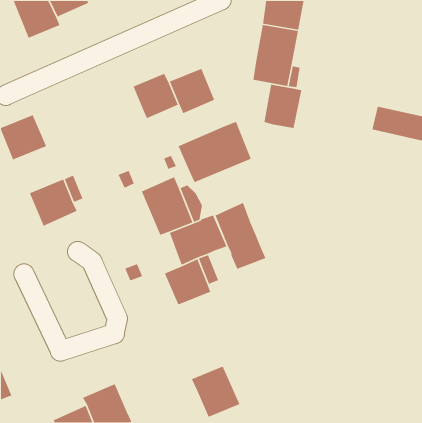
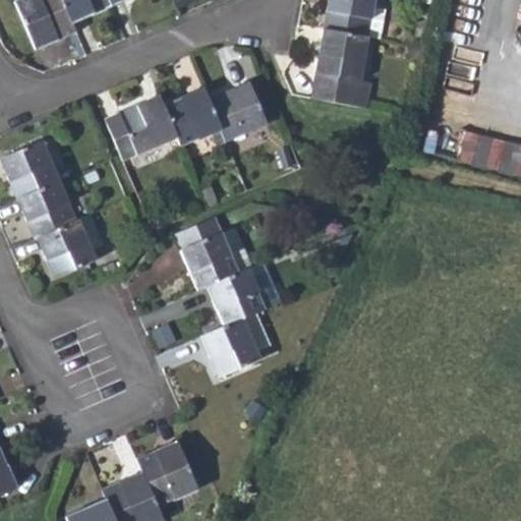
building: none -> [105,96,177,160]
building: [263,84,302,129] -> none
building: [177,121,252,183] -> none
building: none -> [16,180,76,239]
building: [214,202,267,270] -> none
building: [191,366,241,418] -> [136,442,197,506]

